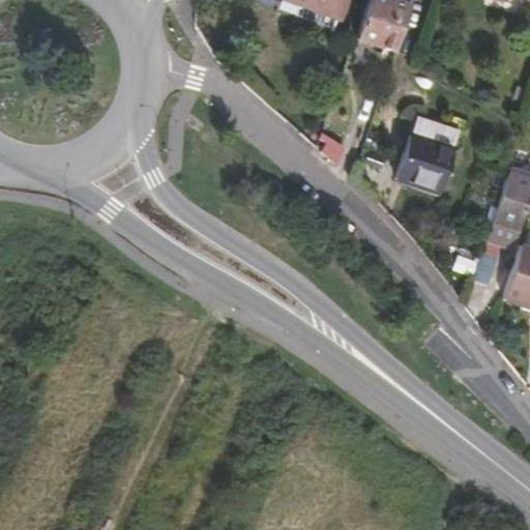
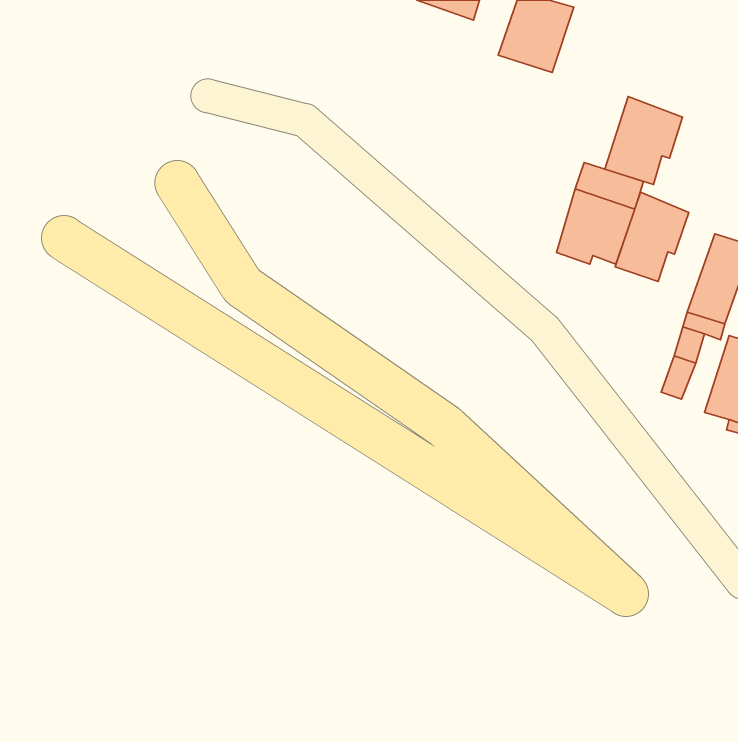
building: none -> [605,97,682,185]
building: none -> [615,192,689,281]

